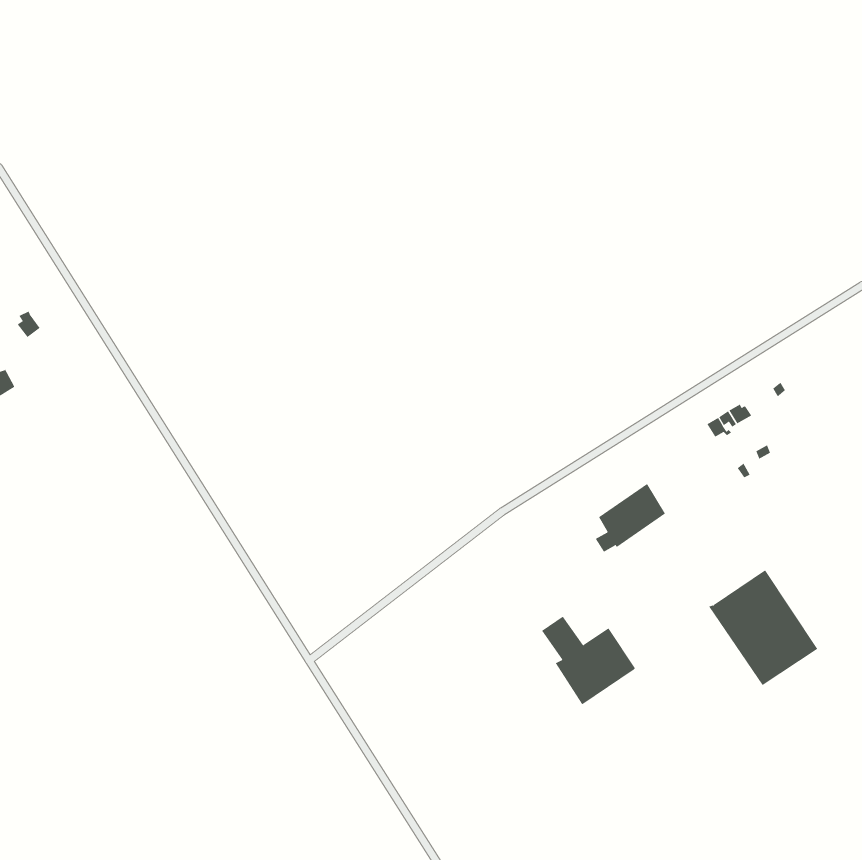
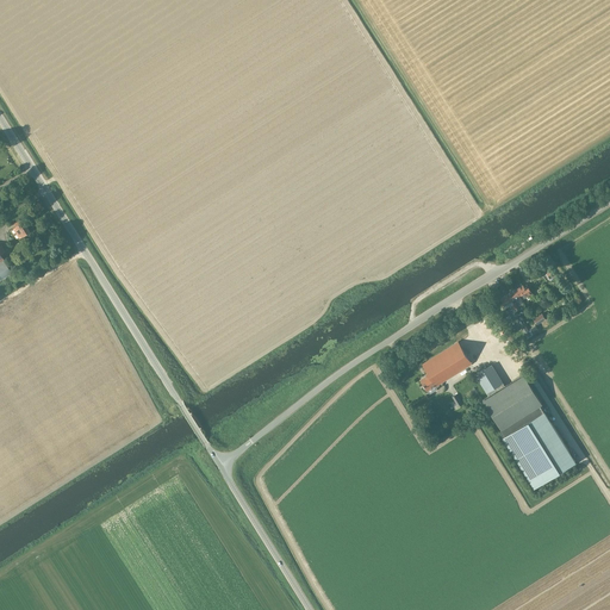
building: [541,616,636,705] -> [474,366,541,429]

